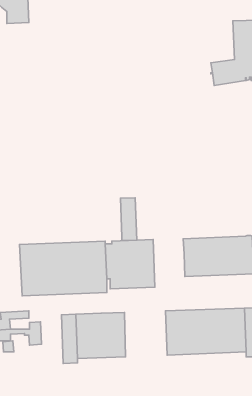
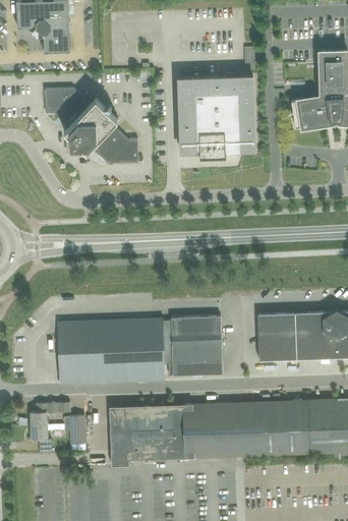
building: none -> [178,76,254,158]
building: none -> [44,89,137,163]
building: [120,198,137,240] -> none
building: none -> [185,402,237,458]

